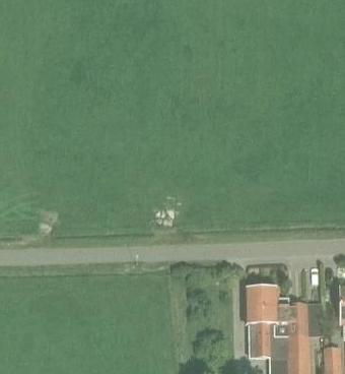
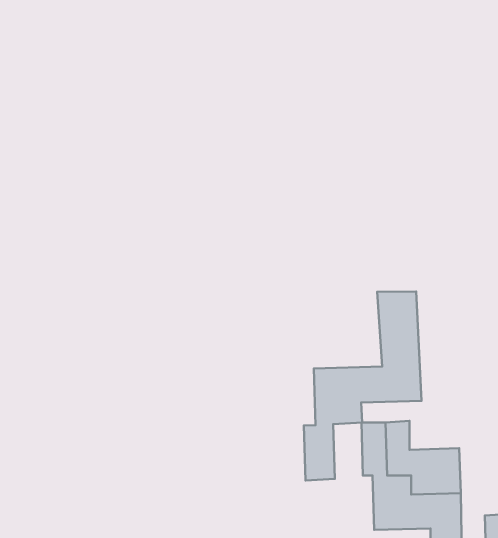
building: none -> [304,291,421,480]

